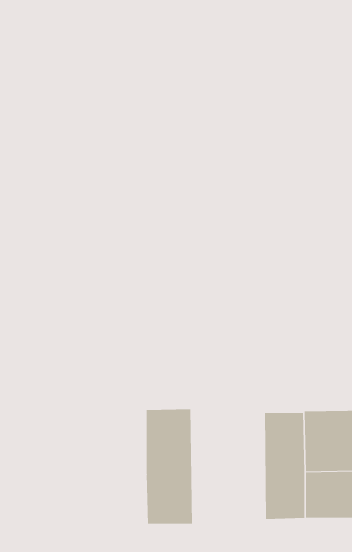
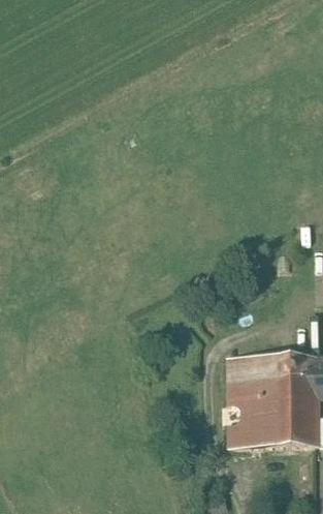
building: [146,408,192,525] -> none

